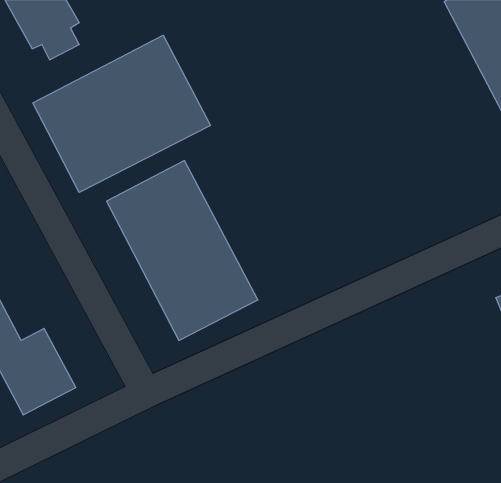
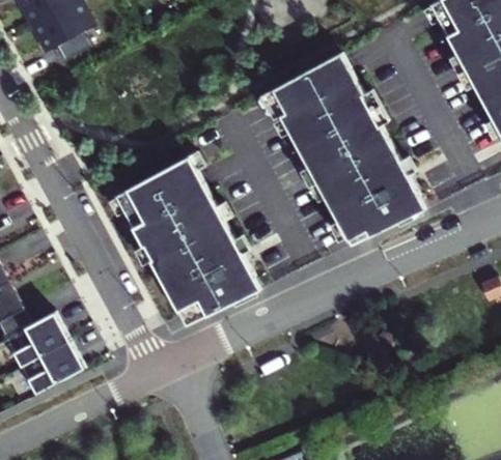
building: [33,35,210,192] -> none
building: none -> [270,56,426,245]

